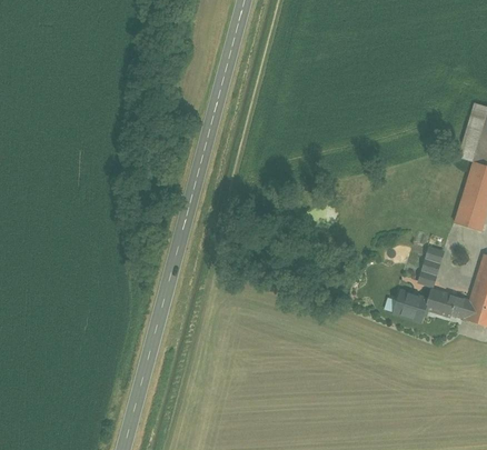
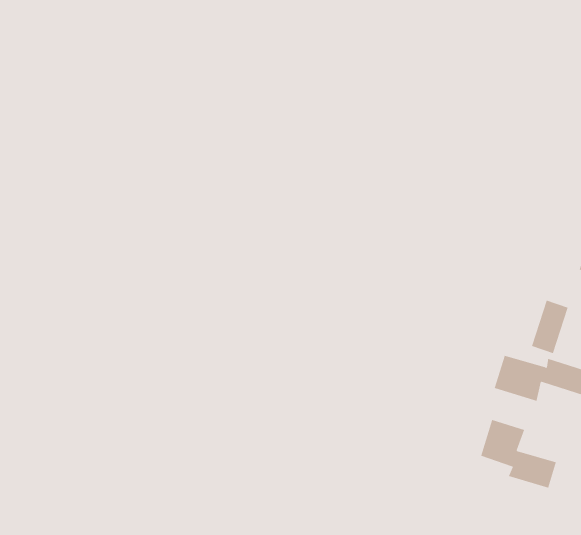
building: none -> [480,419,557,489]

